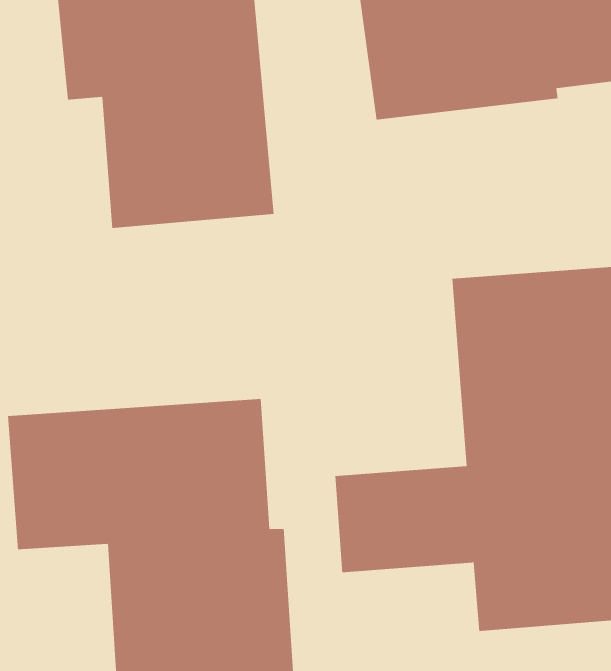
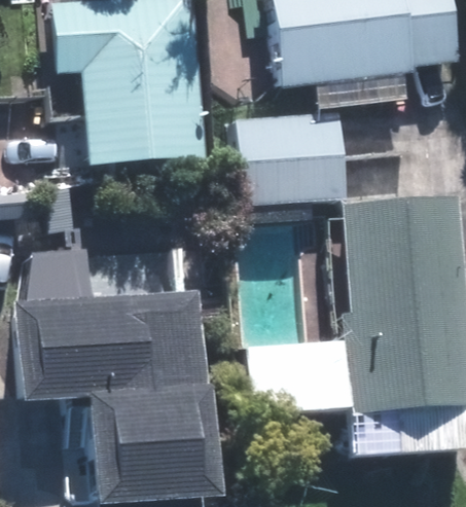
building: none -> [234,107,346,204]

